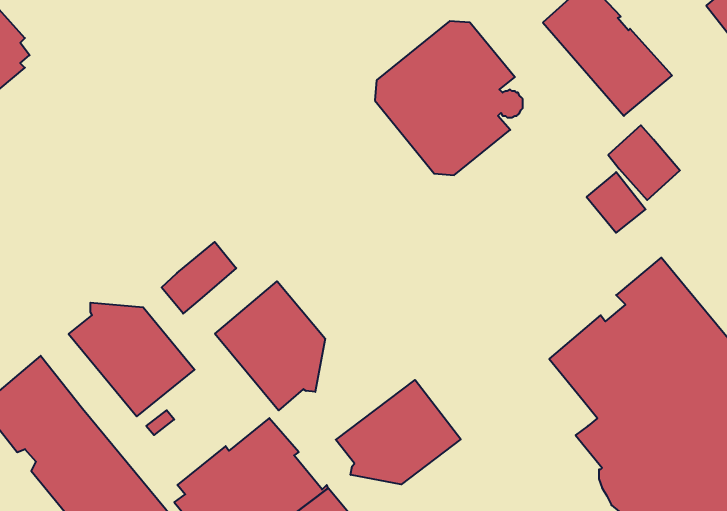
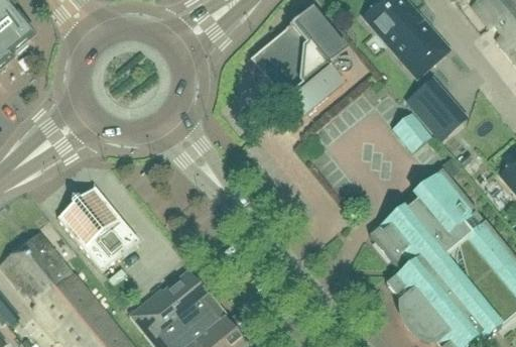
building: [162,242,236,314] -> none
building: [215,281,325,410] -> none
building: [336,380,461,484] -> none

